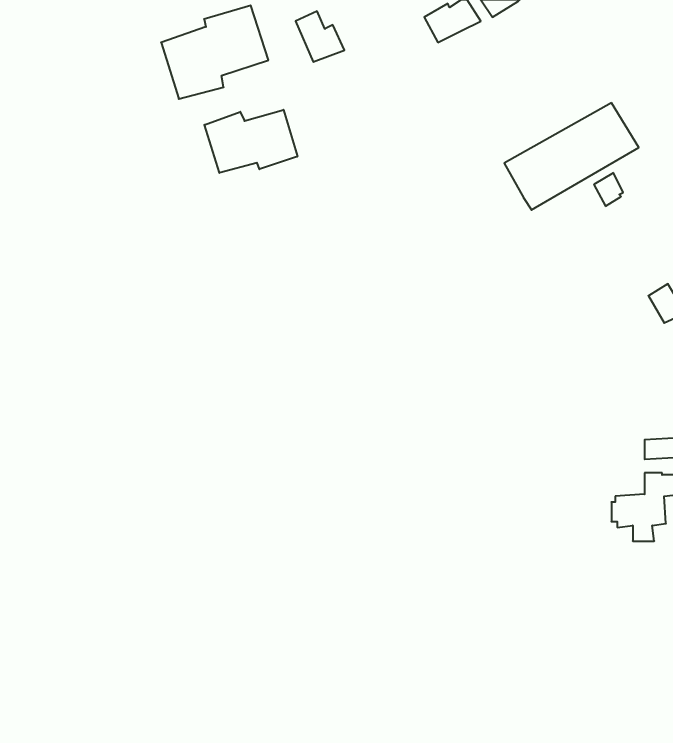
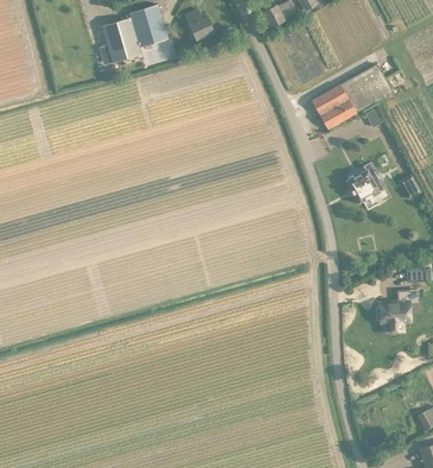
building: [204,110,297,173] -> none
building: none -> [345,169,380,204]

